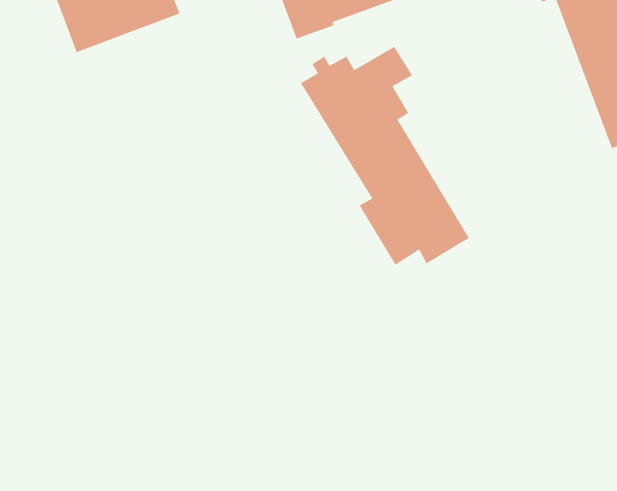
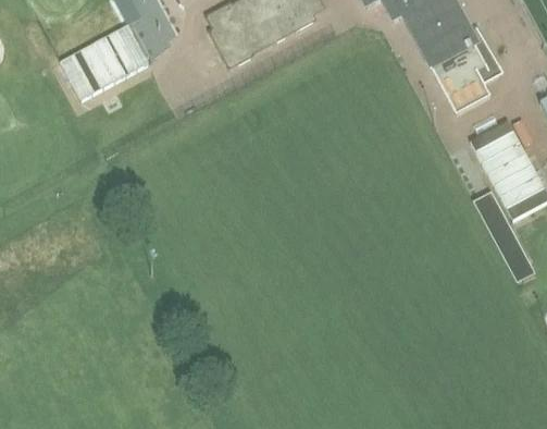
building: [300,46,470,266] -> none

